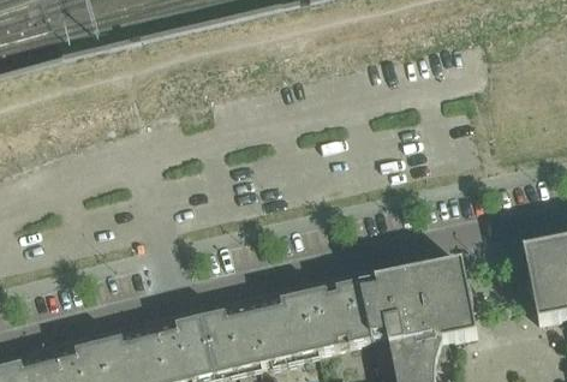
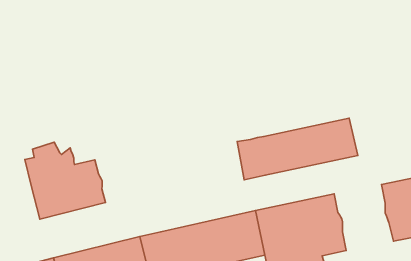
building: none -> [237,118,358,180]
building: none -> [25,142,105,219]

